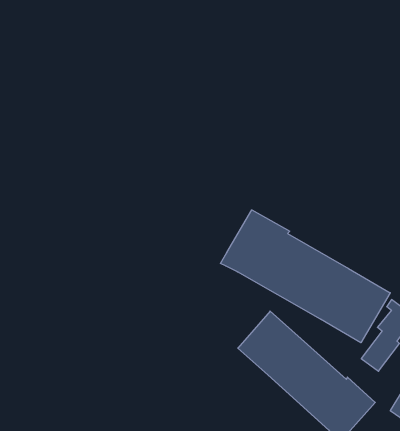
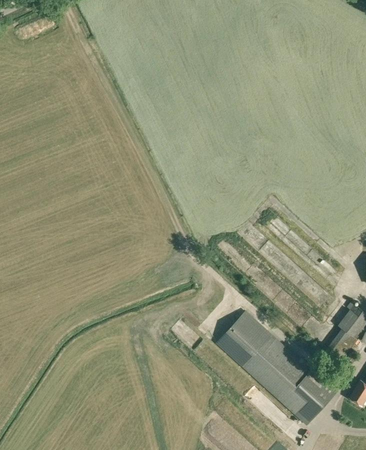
building: [220,210,390,343] -> none

